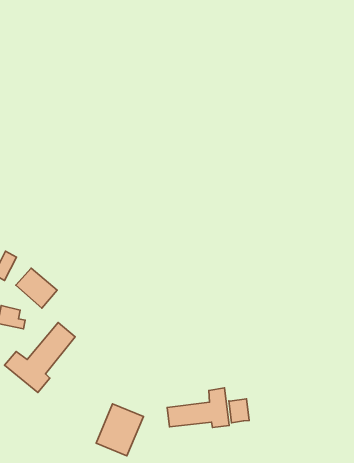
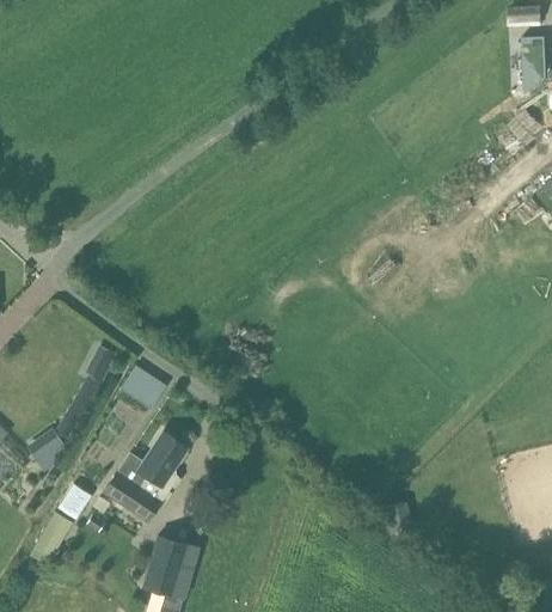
building: [167,388,229,428] -> none
building: [96,404,143,456] -> [143,536,198,598]

